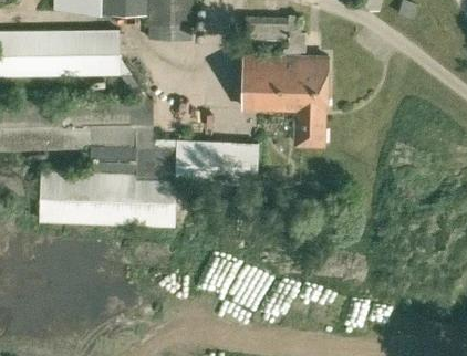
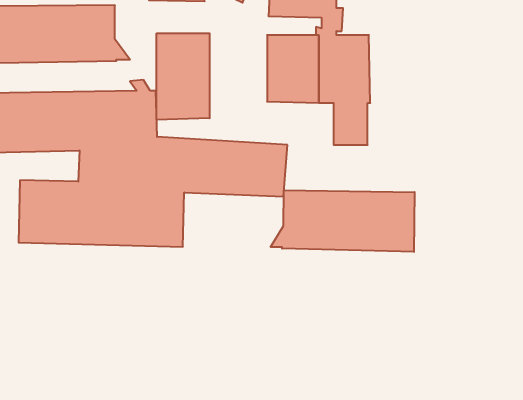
building: none -> [157,33,210,120]
building: none -> [271,190,415,252]

